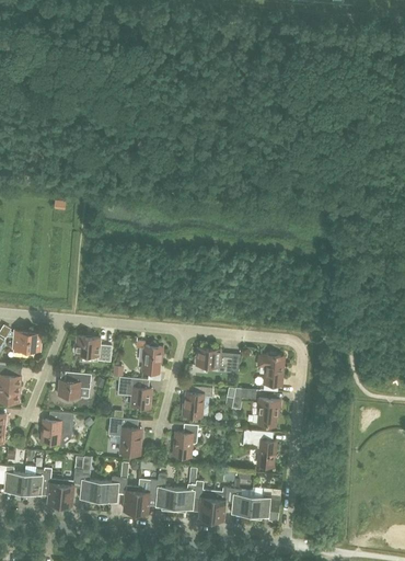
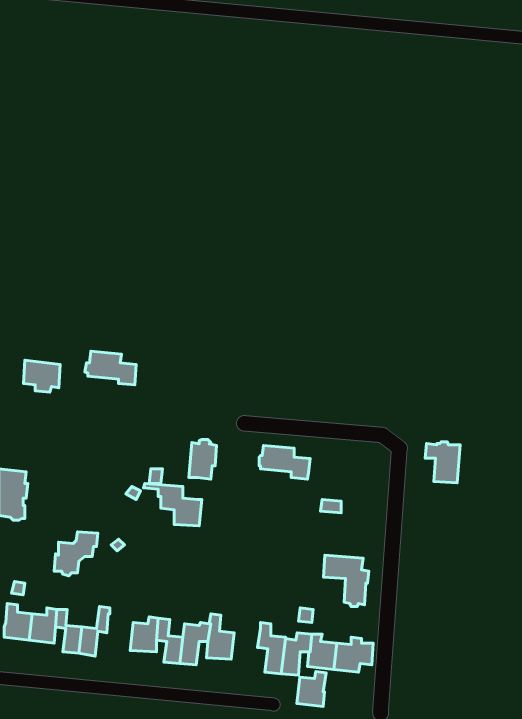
building: [13,331,40,355] -> [24,360,60,392]
building: [72,336,111,362] -> [85,351,136,385]
building: [257,355,284,386] -> [425,442,460,483]
building: [57,373,91,400] -> none
building: [182,387,212,417] -> none
building: [256,399,279,428] -> none
building: [107,417,141,456] -> none
building: [173,425,197,458] -> none
building: [79,474,100,502] -> none
building: [173,484,195,511] -> [297,671,326,706]

